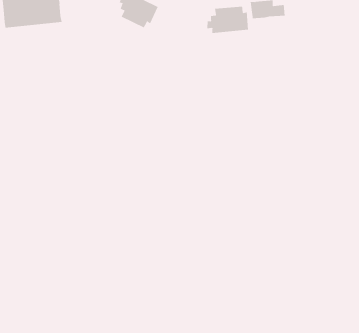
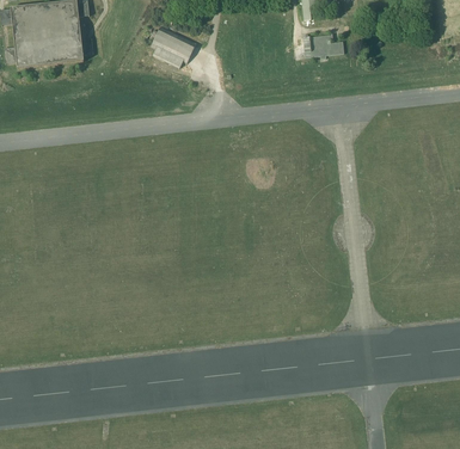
building: [207,6,249,34] -> none

